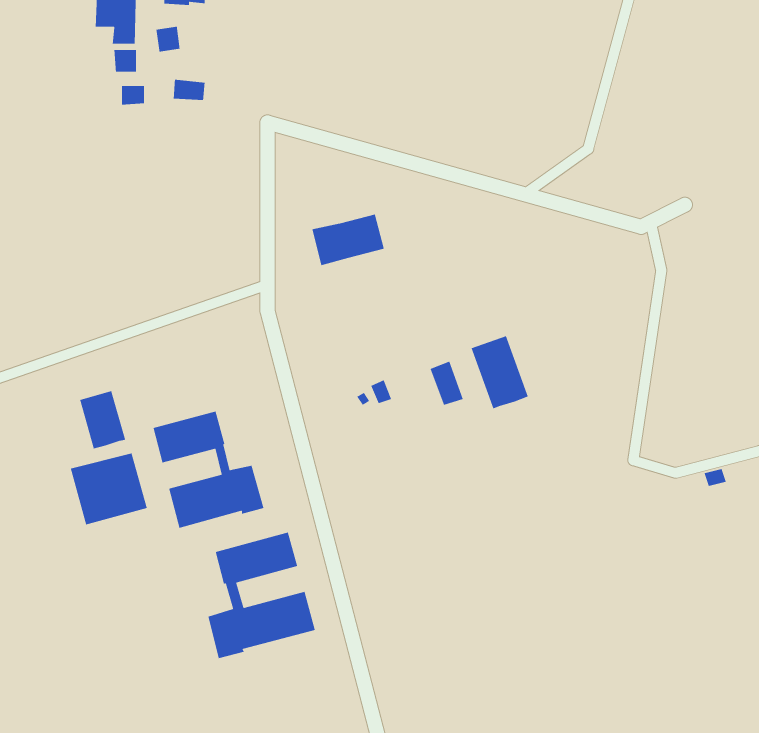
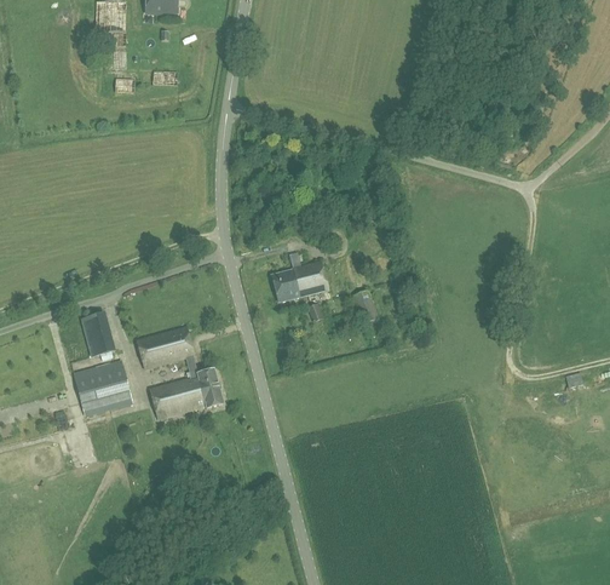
building: [312,213,385,266] -> [271,262,328,303]
building: [471,335,529,410] -> none
building: [208,532,316,659] -> none

